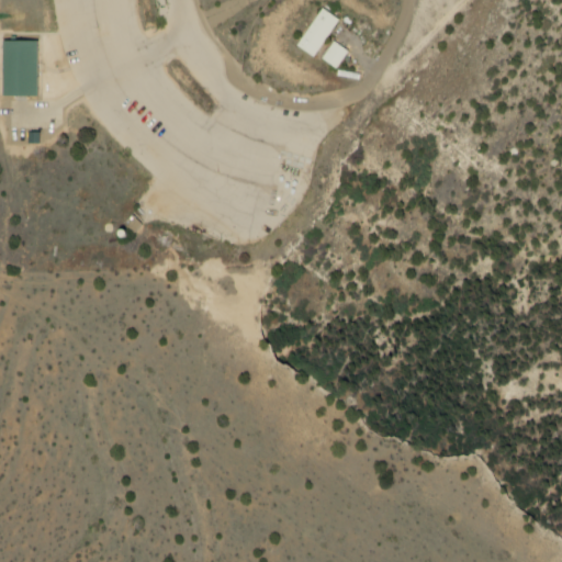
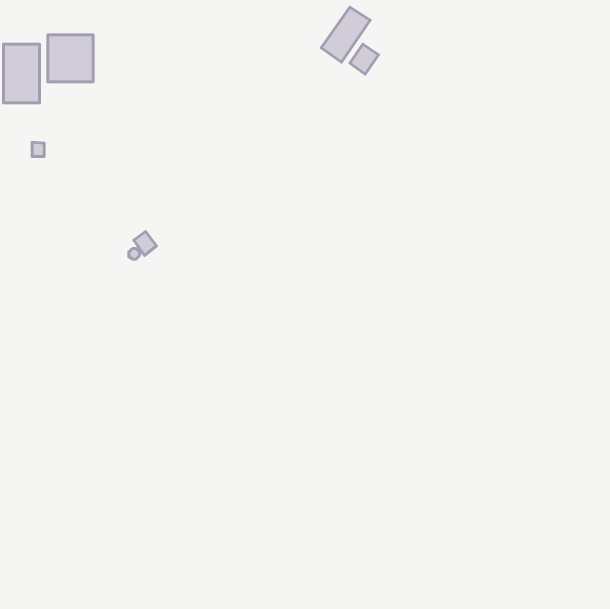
building: none -> [48,35,93,82]

